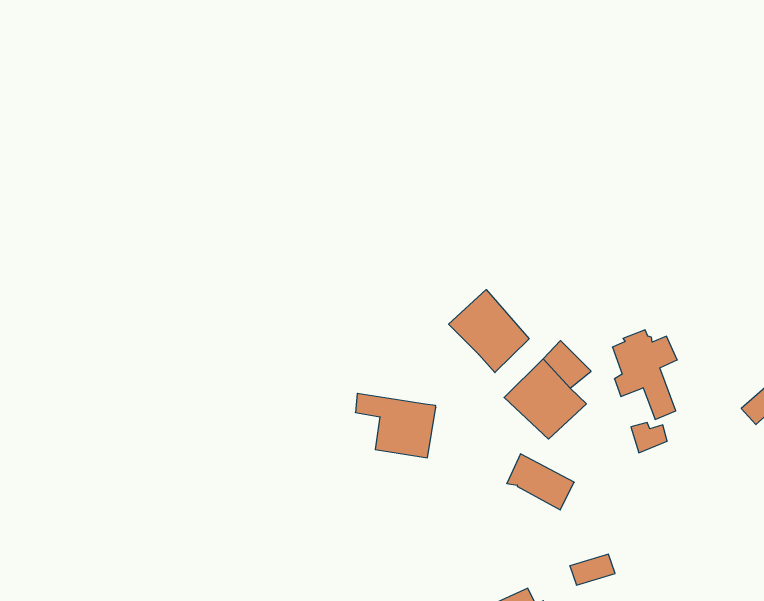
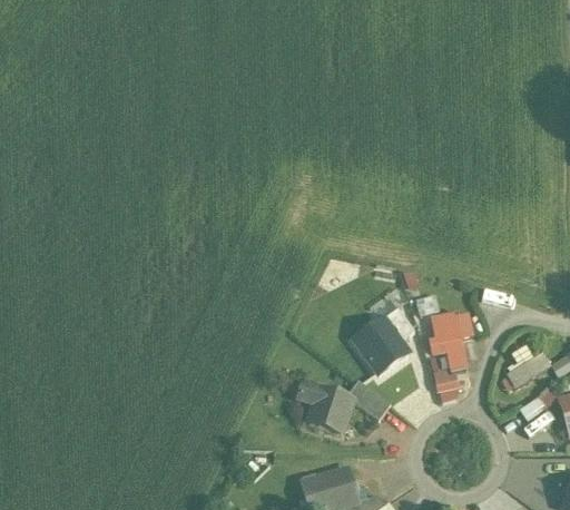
building: [449,290,529,373] -> none
building: [355,393,436,458] -> [299,382,353,432]

